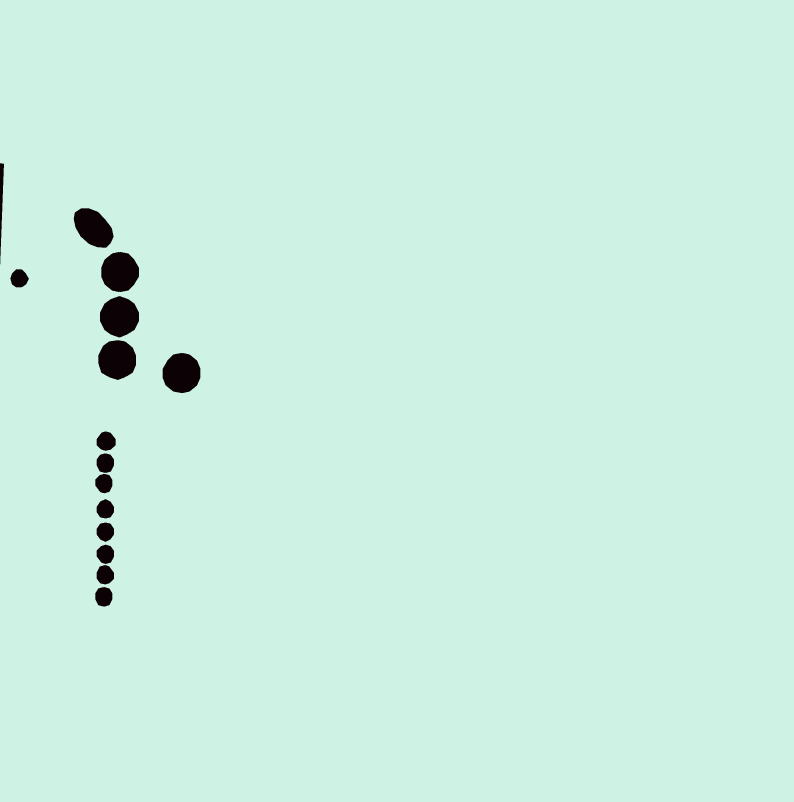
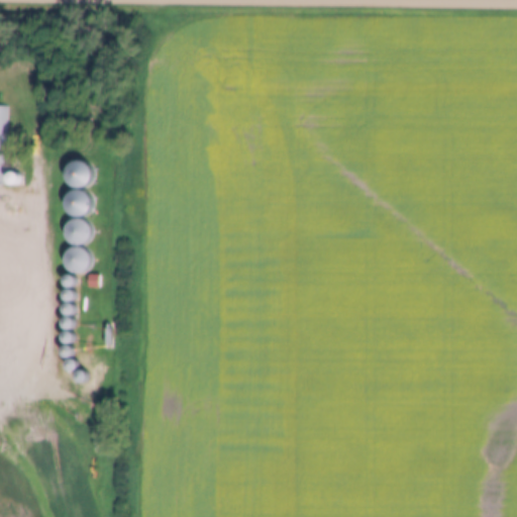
building: [73,207,114,248] -> none
building: [162,353,201,394] -> [62,245,87,272]

